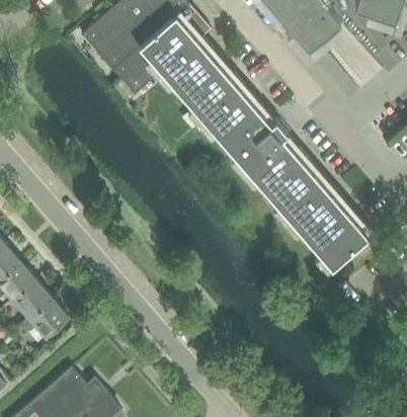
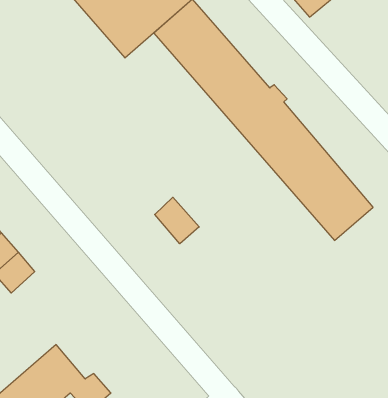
building: none -> [155,197,199,244]
building: [22,297,68,336] -> none

